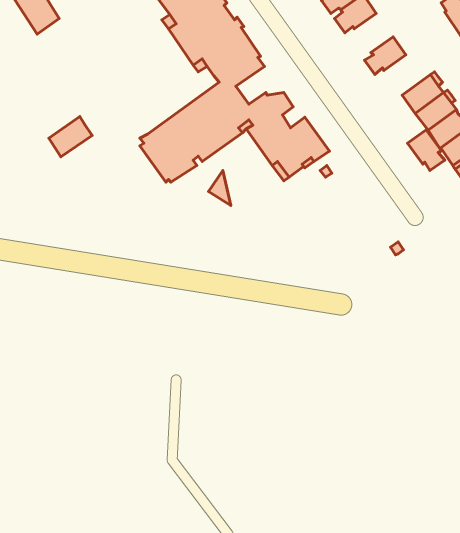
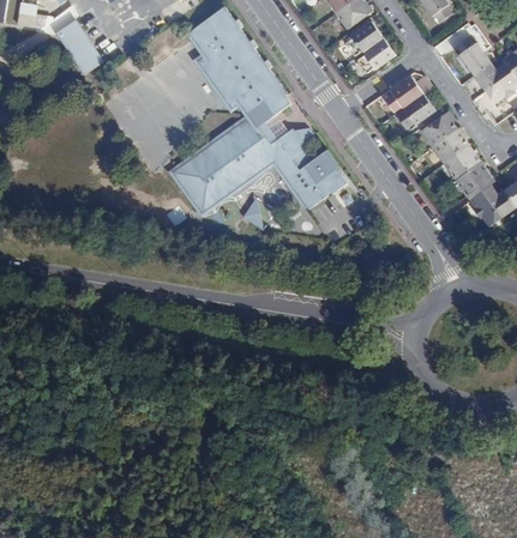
building: none -> [396,93,435,128]
building: [49,117,92,157] -> none
building: [407,130,445,171] -> none

